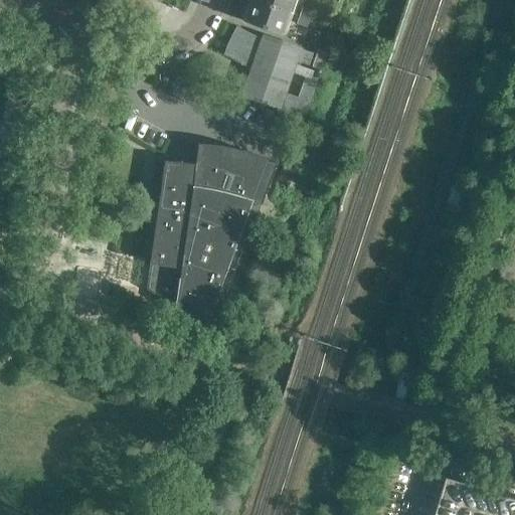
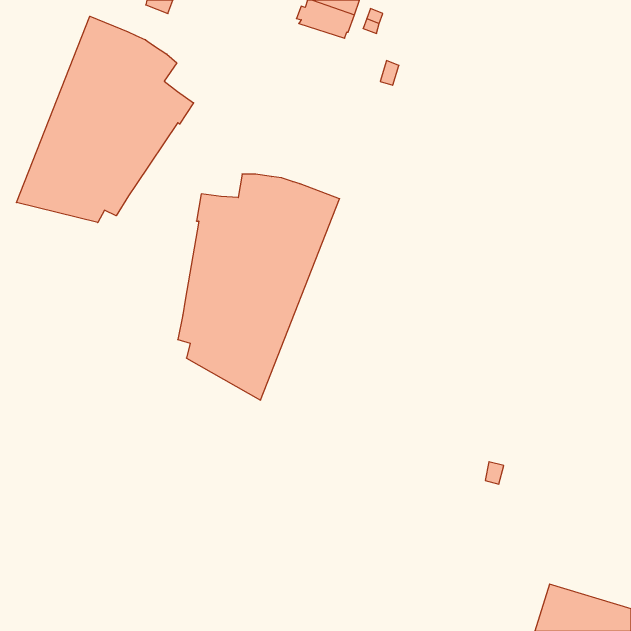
building: none -> [16,16,194,223]
building: [223,26,317,122] -> none

